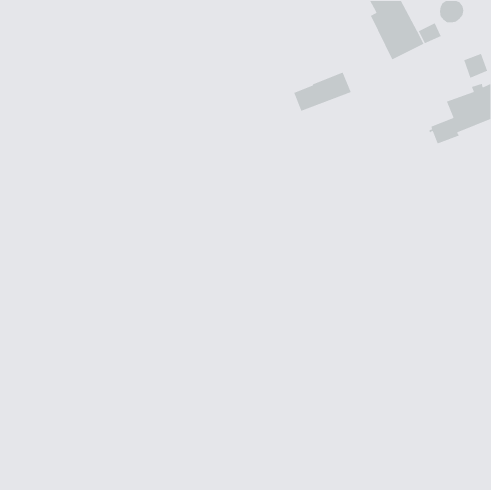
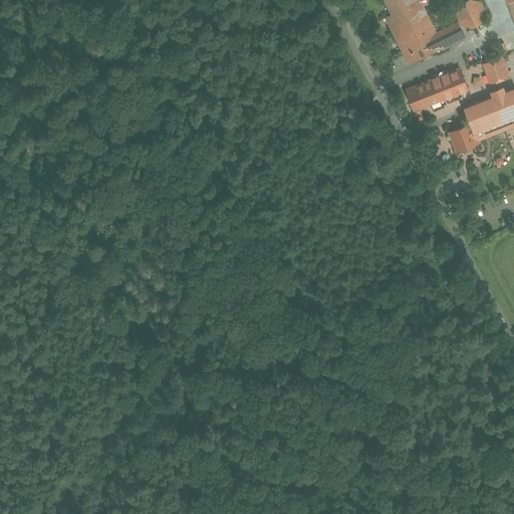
building: [293,71,352,112] -> [407,68,468,110]

